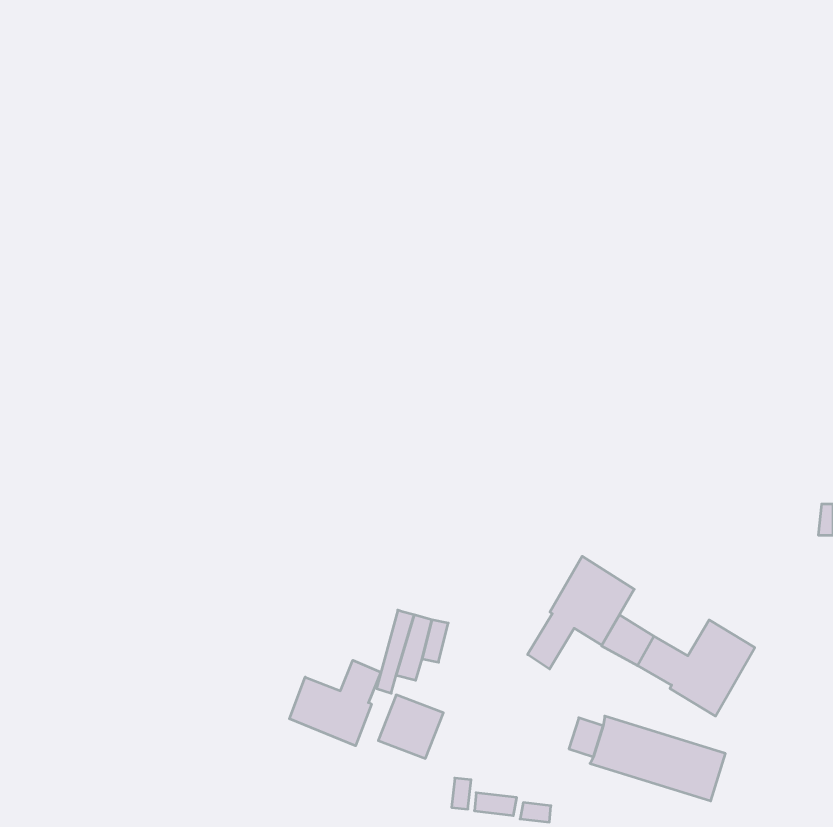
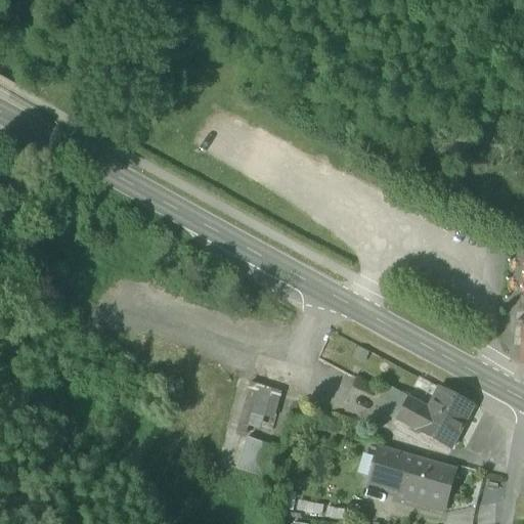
building: [528,556,634,669] -> none
building: [289,660,381,746] -> none

